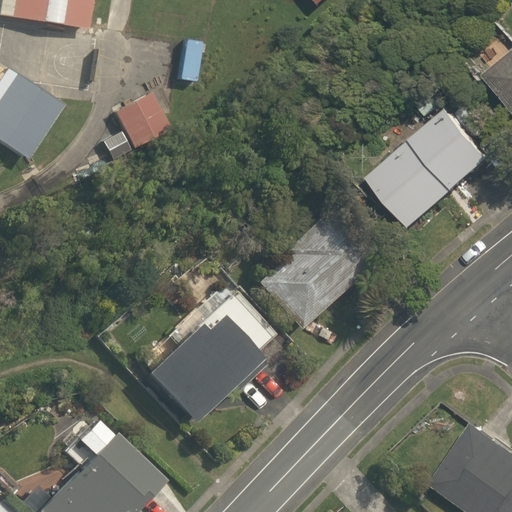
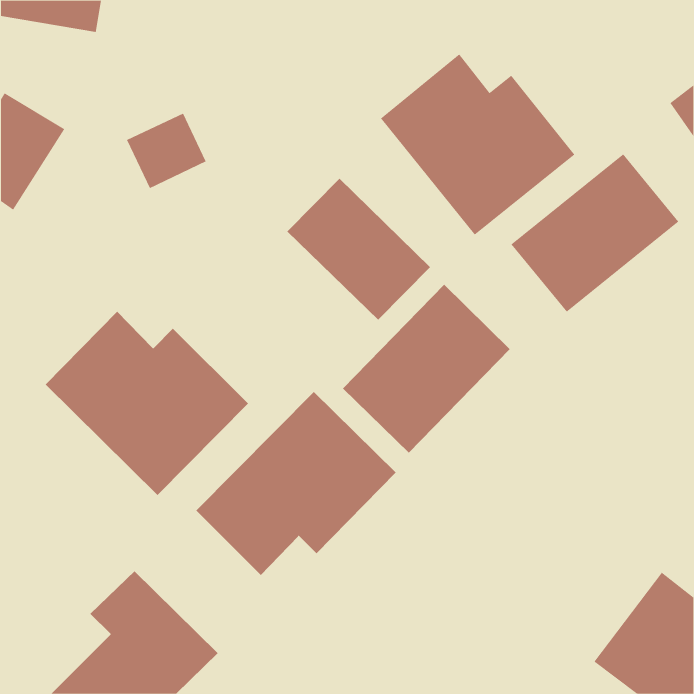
building: none -> [380,54,575,236]
building: none -> [286,178,431,321]
building: none -> [45,311,249,496]

